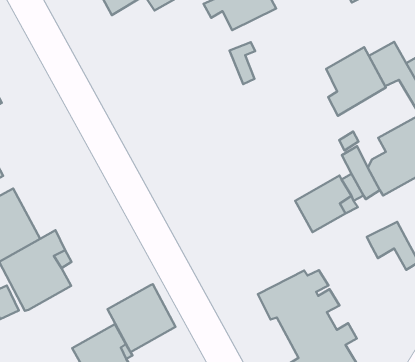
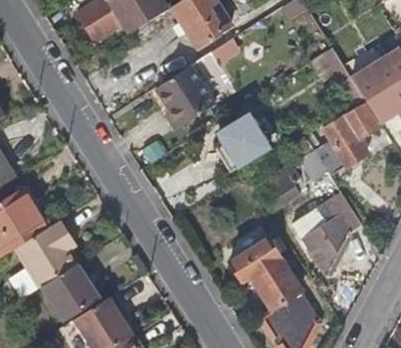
building: [326,47,386,116] -> [222,113,272,171]
building: none -> [156,67,215,128]
building: none -> [297,214,354,280]
building: [108,284,176,352] -> [43,266,101,323]

